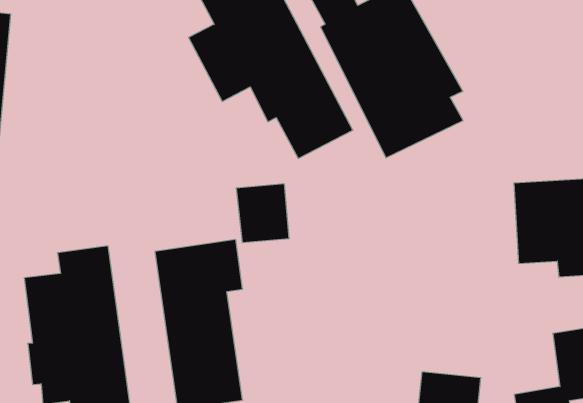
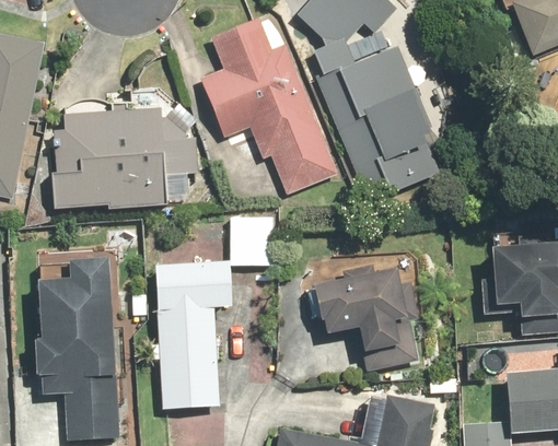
building: none -> [50,102,199,209]
building: none -> [310,261,420,372]

